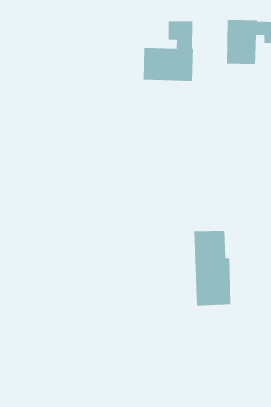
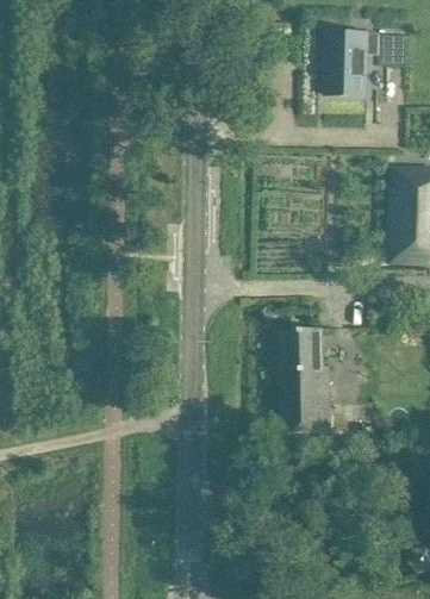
building: [143,20,193,82] -> none

